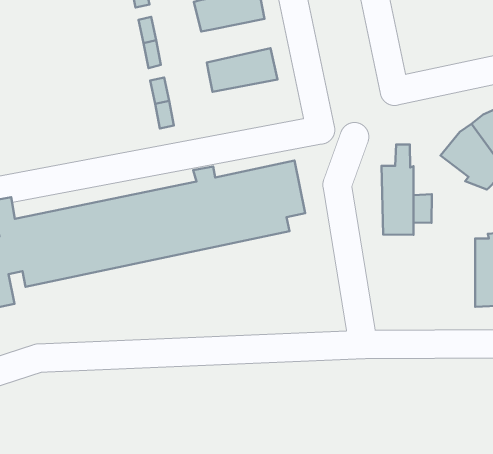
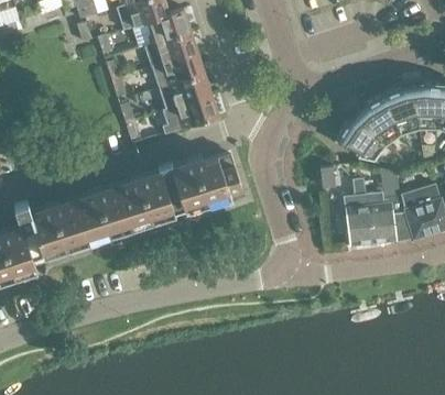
building: none -> [152,52,204,88]
building: none -> [162,95,218,134]
building: [382,145,413,235] -> [345,178,373,245]

